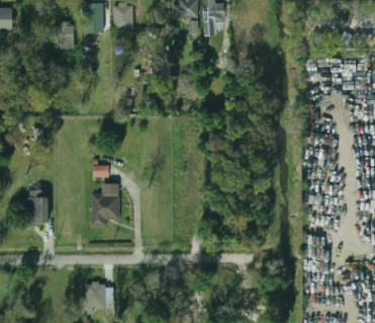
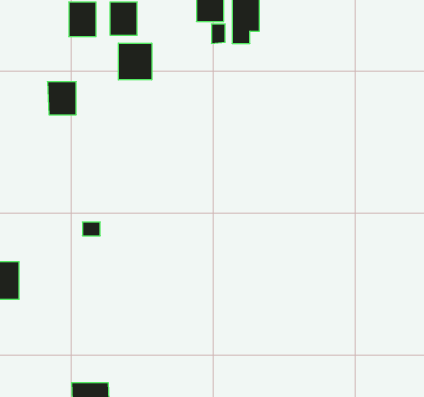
building: [54,23,75,48] -> [47,82,76,115]
building: none -> [118,43,152,80]
building: [92,193,120,226] -> none

